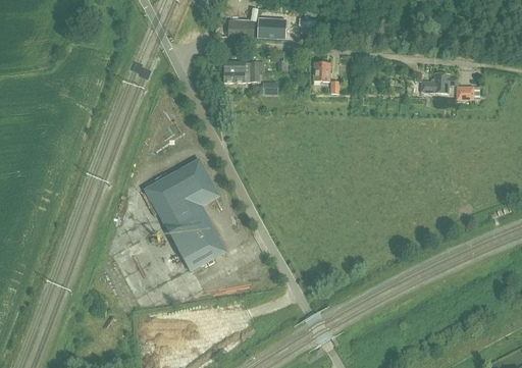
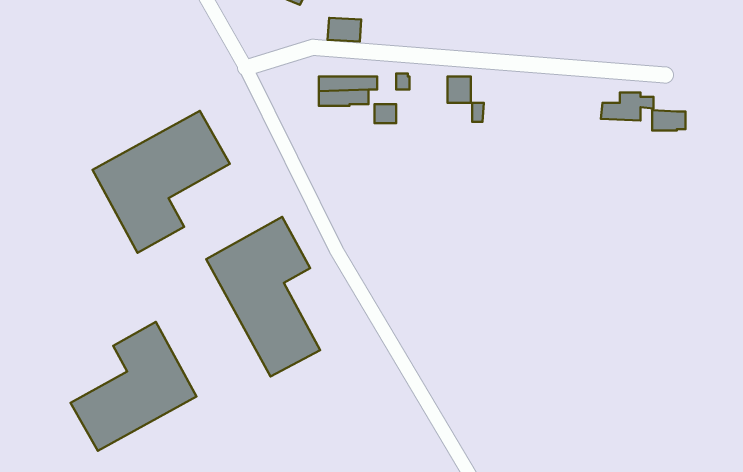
building: [256,17,285,39] -> none
building: none -> [93,111,230,253]
building: none -> [71,322,196,451]

